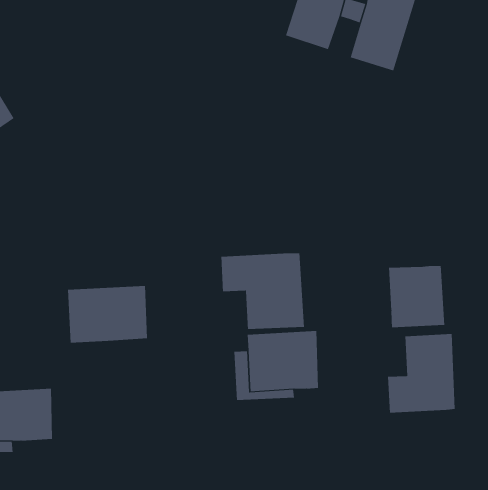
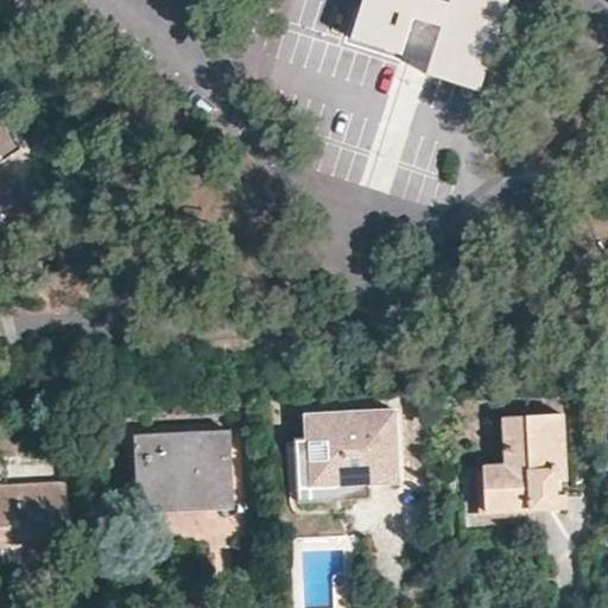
building: [221,253,305,330] -> none
building: [389,265,445,328] -> none
building: [67,285,148,343] -> [132,430,232,501]

